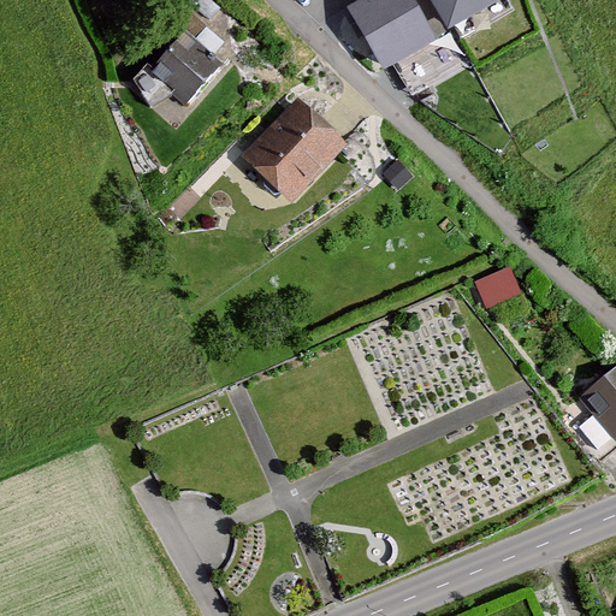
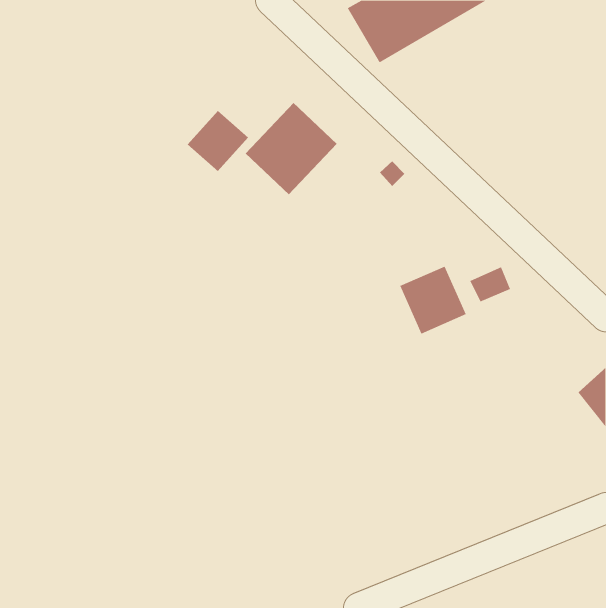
building: [153,37,215,100] -> [187,110,249,172]
building: none -> [399,266,466,334]

